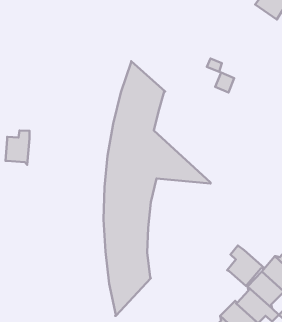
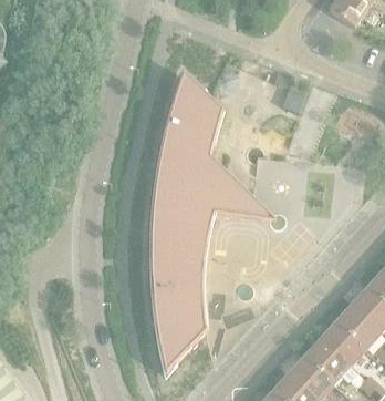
building: [5,130,29,165] -> none
building: [227,245,265,286] -> none

